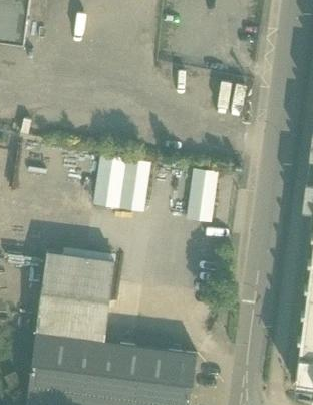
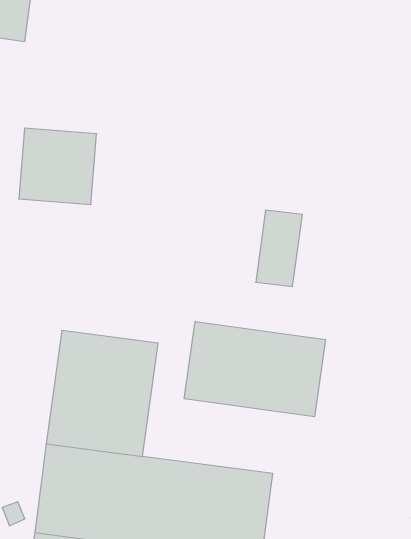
building: [94,154,149,208] -> [19,128,97,205]
building: none -> [184,321,326,417]

